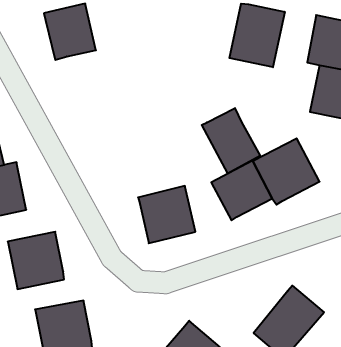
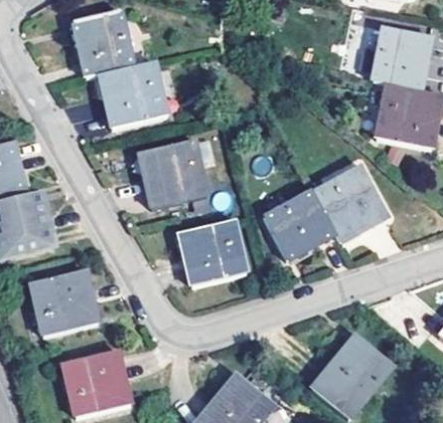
building: [229,4,285,67] -> none
building: none -> [98,59,164,126]
building: [202,108,260,174] -> none
building: none -> [138,140,204,207]

